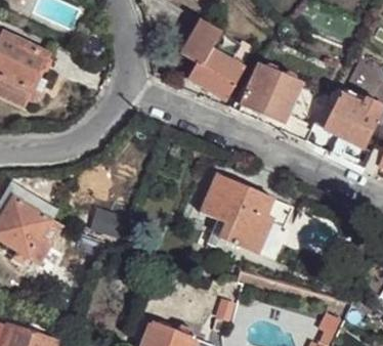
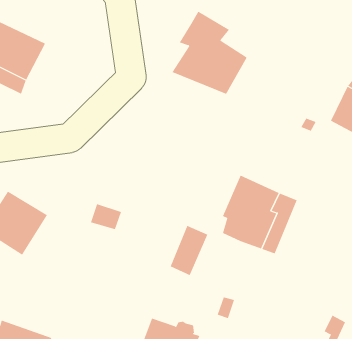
building: [244,68,301,122] -> none
building: [201,172,238,221] -> [170,225,208,276]

